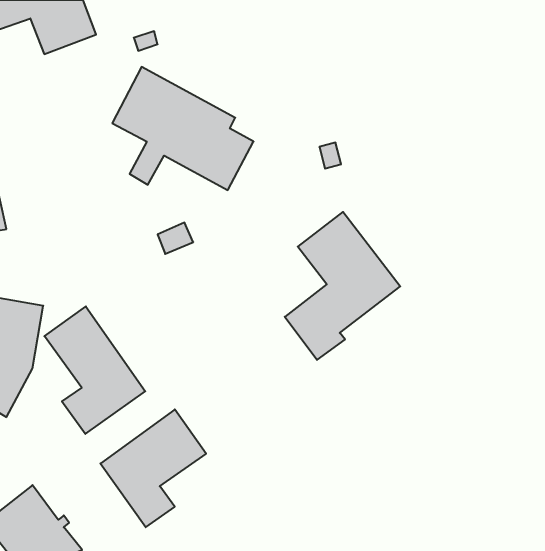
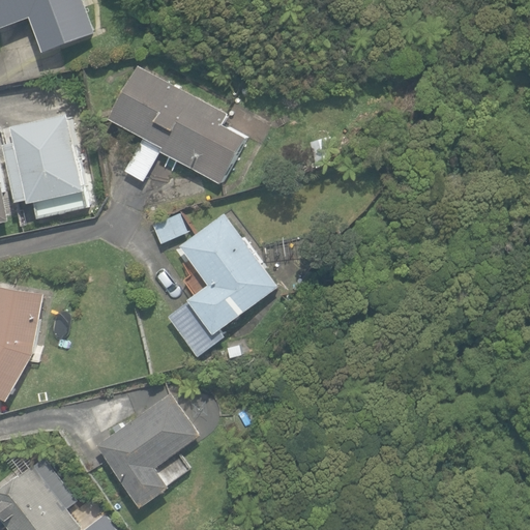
building: none -> [4,115,90,214]
building: [285,212,400,360] -> [166,214,276,356]
building: [44,306,145,434] -> none

